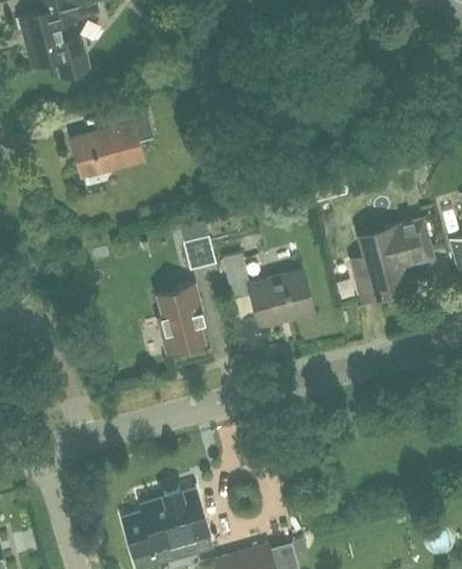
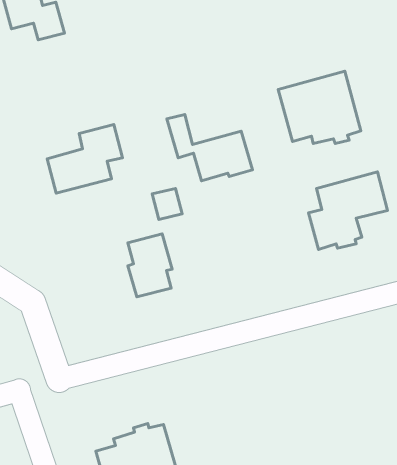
building: [73,102,154,176] -> [47,125,123,193]
building: none -> [278,71,361,144]
building: [223,256,314,327] -> [167,114,252,181]

